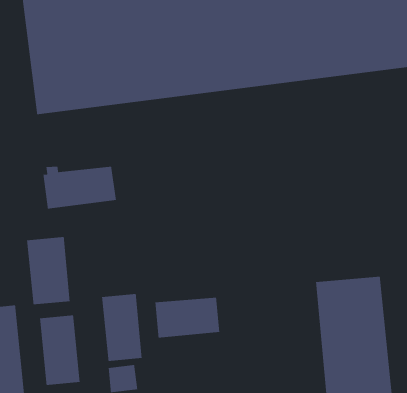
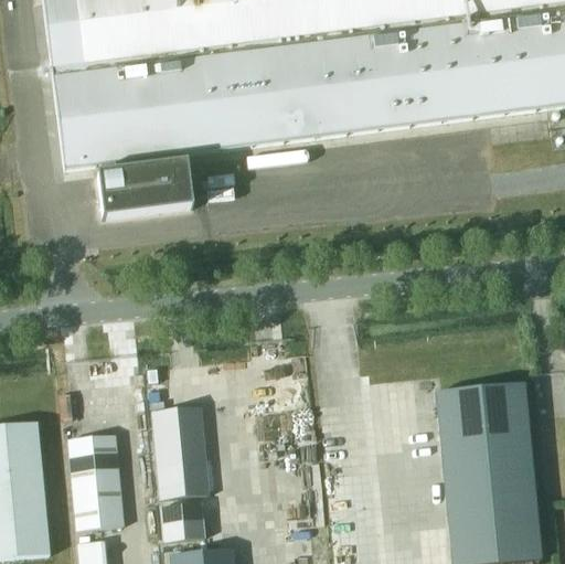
building: [42,166,117,210] -> [95,162,194,221]
building: [26,236,70,305] -> none
building: [155,297,220,339] -> none

